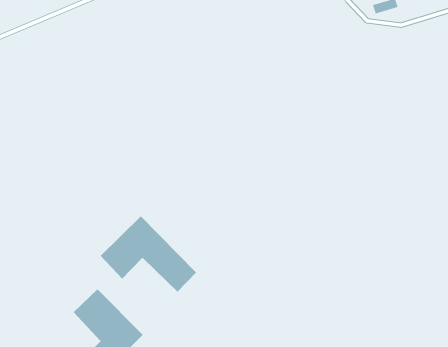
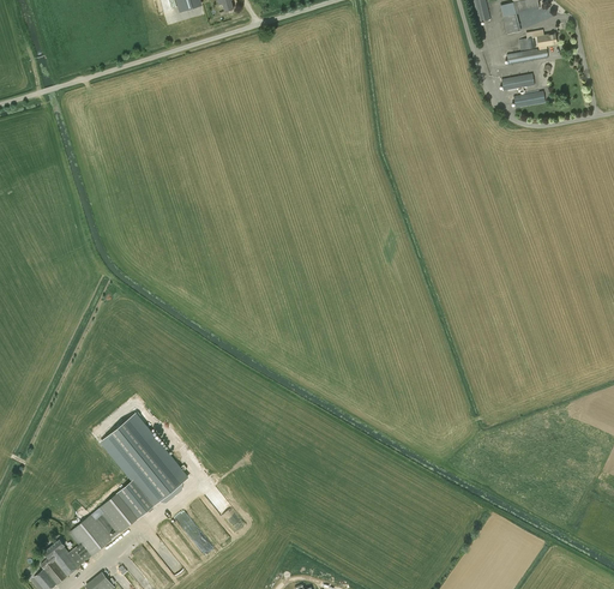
building: [100,215,197,293] -> none

